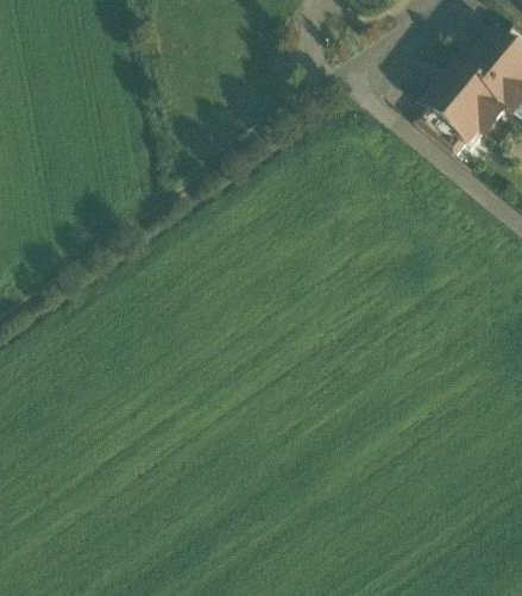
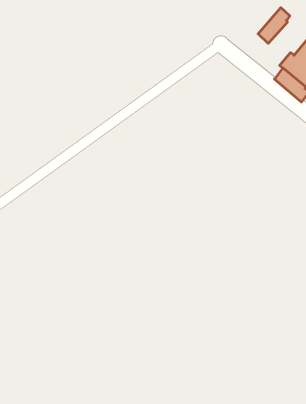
building: none -> [258,8,290,43]

